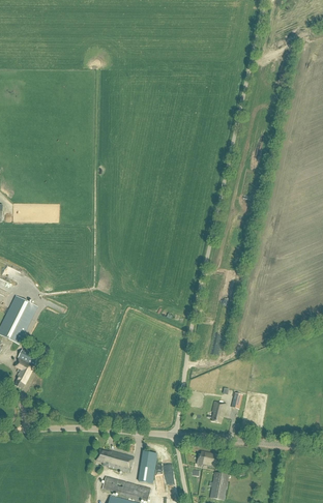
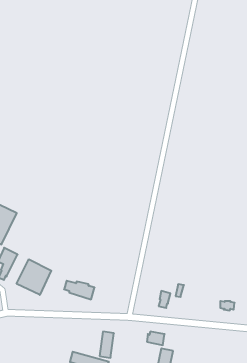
building: none -> [17,259,51,295]
building: [96,449,134,472] -> [64,281,95,299]

